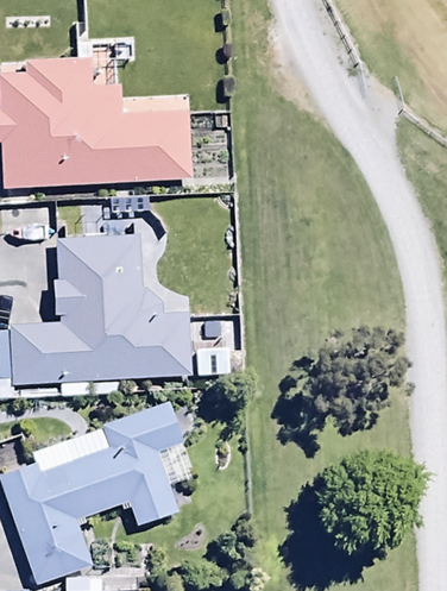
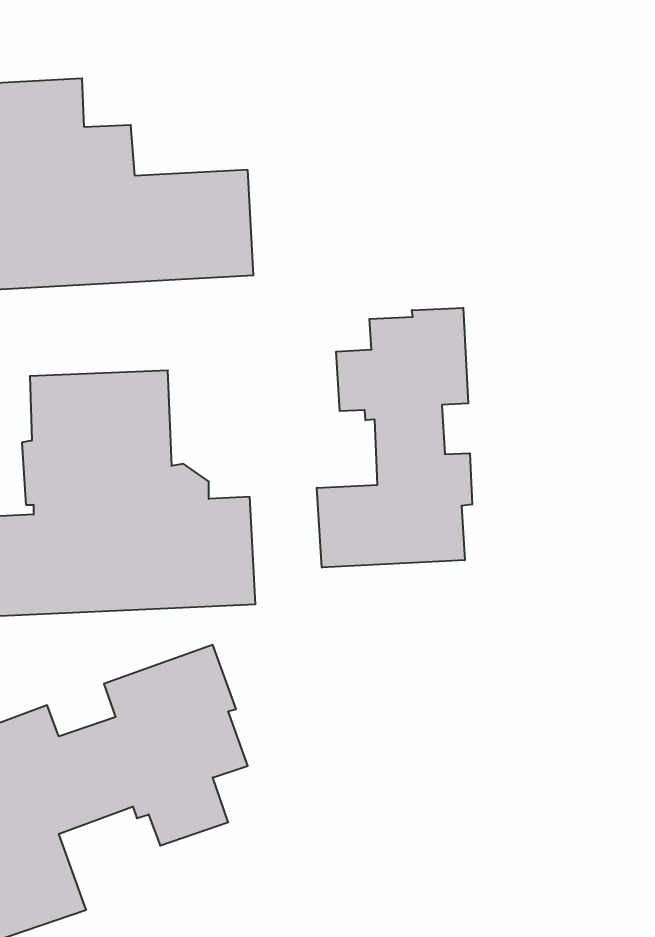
building: none -> [317,308,472,568]

